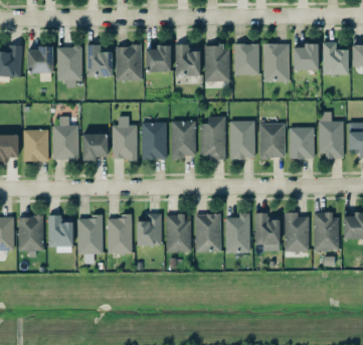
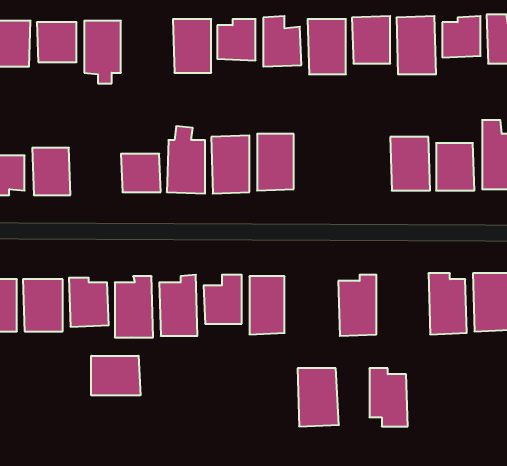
building: [85,44,112,76] -> none
building: [52,116,78,159] -> none
building: [200,116,225,159] -> none
building: [229,121,254,159] -> none
building: [254,212,280,250] -> [369,368,408,426]
building: [194,214,221,252] -> [298,368,339,426]
building: none -> [91,356,140,395]

